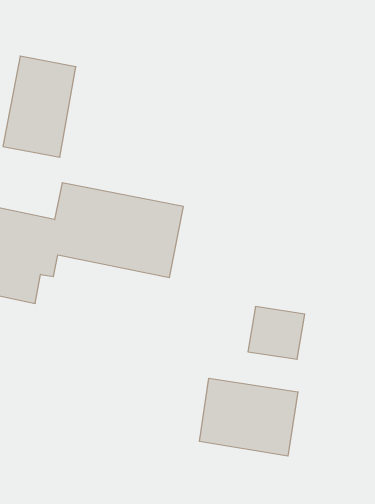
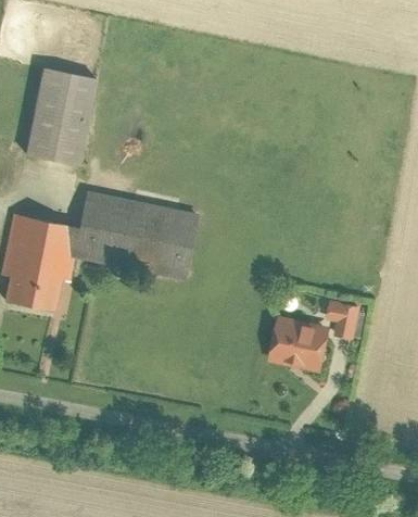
building: none -> [326,300,358,337]
building: [199,378,298,456] -> none

